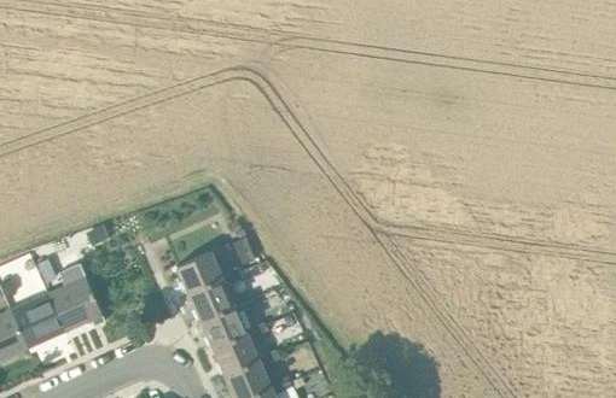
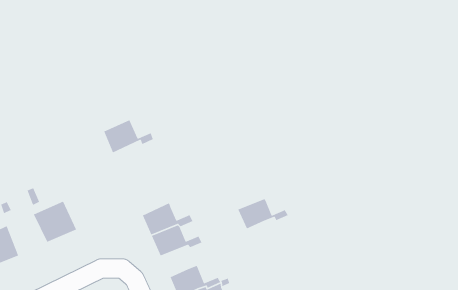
building: [175,252,242,297] -> [103,119,154,153]
building: [11,295,63,350] -> none
building: [211,336,279,377] -> [237,198,289,229]

